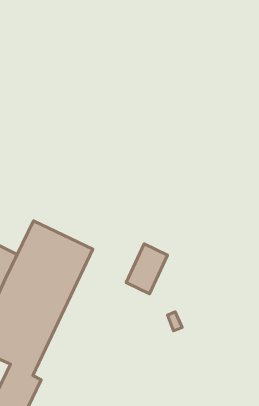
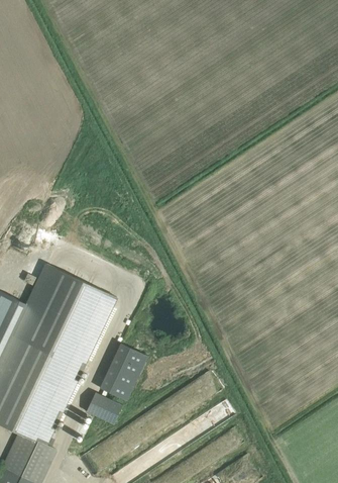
building: [126,244,167,294] -> [99,343,147,401]
building: none -> [87,392,125,425]

